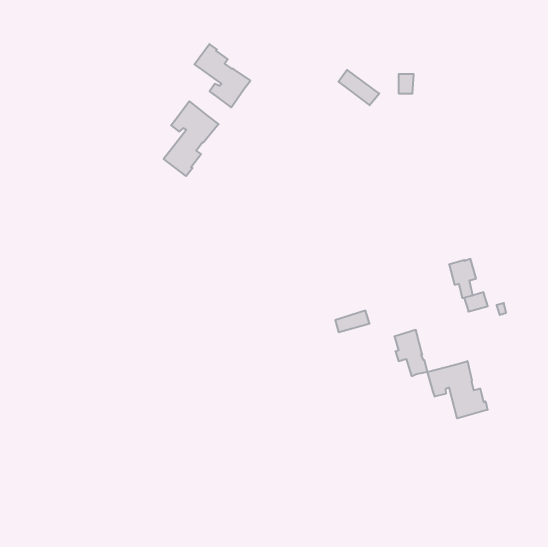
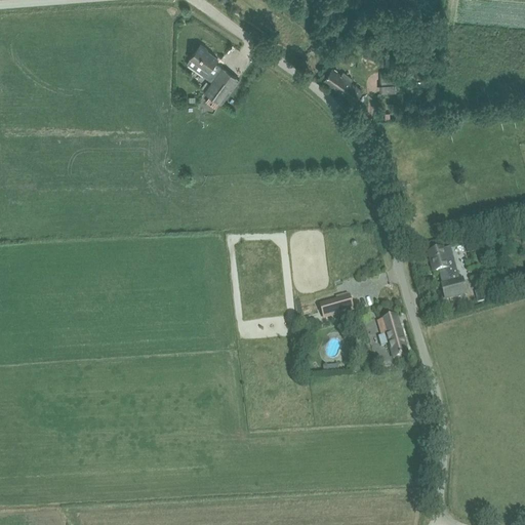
building: [164,101,219,176] -> none
building: [428,361,488,418] -> none

